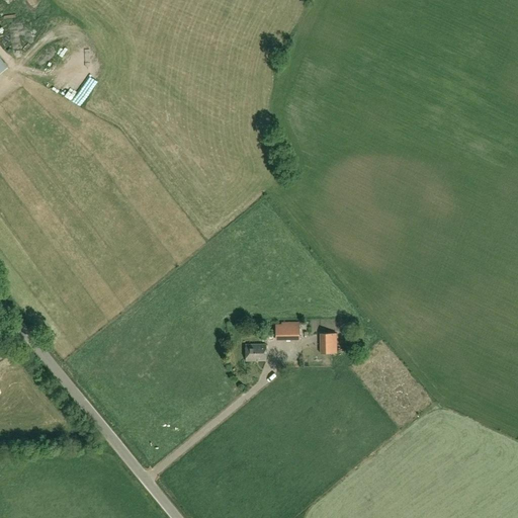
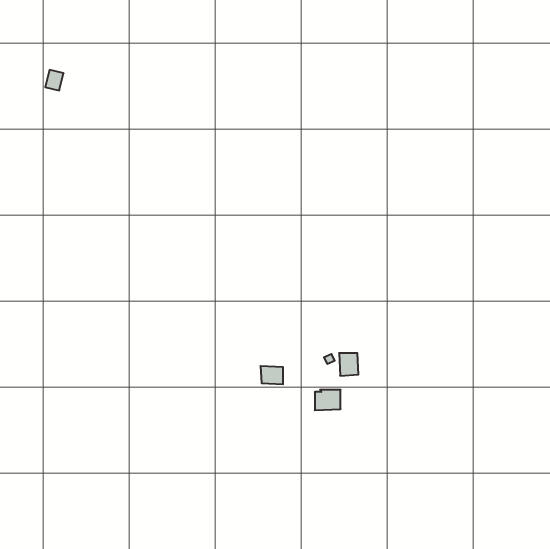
building: [275,321,299,340] -> [315,390,341,410]

